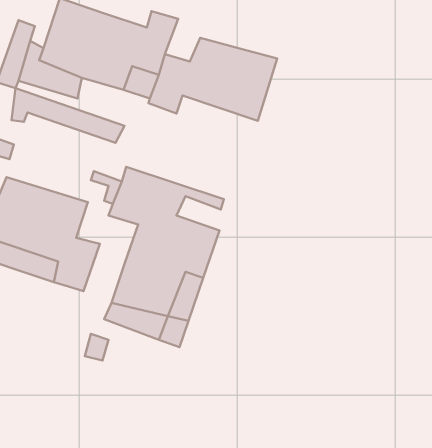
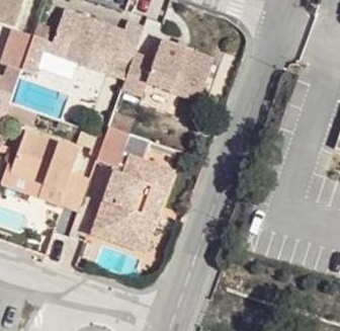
building: [11,88,124,143] -> none

